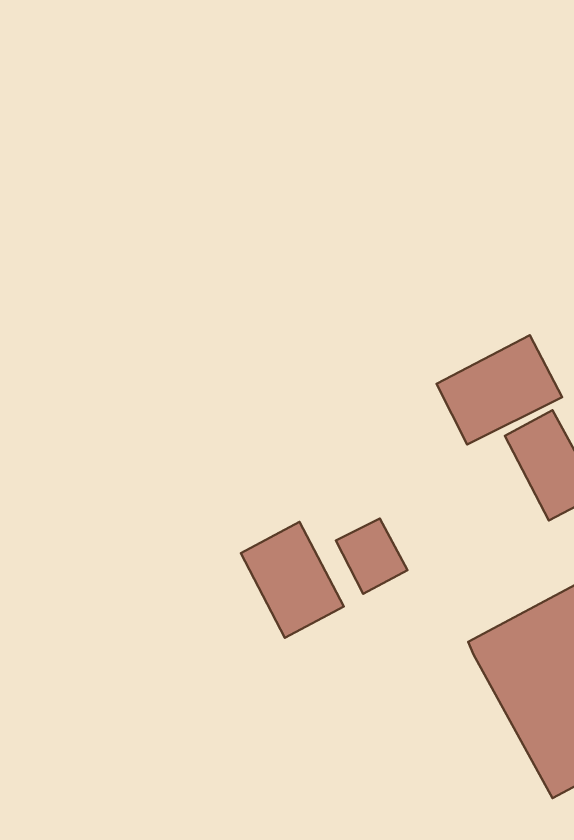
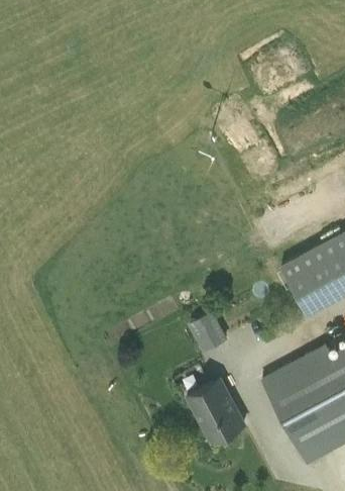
building: [436,335,562,445] -> none
building: [241,522,344,638] -> [187,380,243,444]

